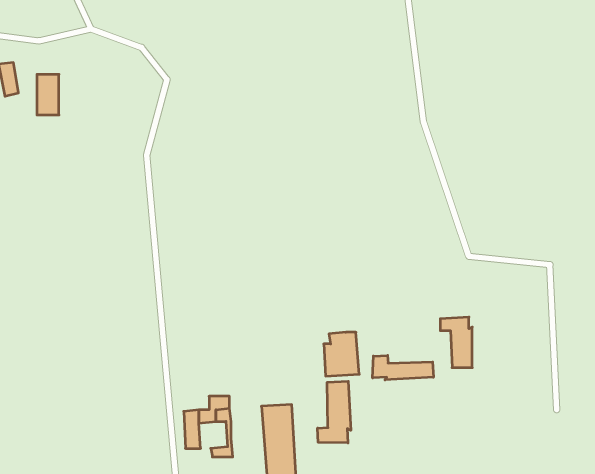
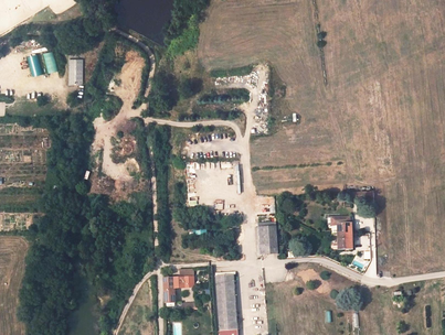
building: [373,355,433,380] -> none
building: [318,381,351,443] -> none

